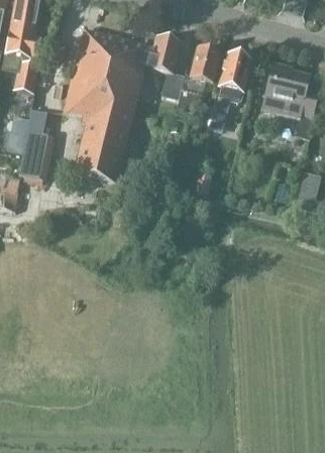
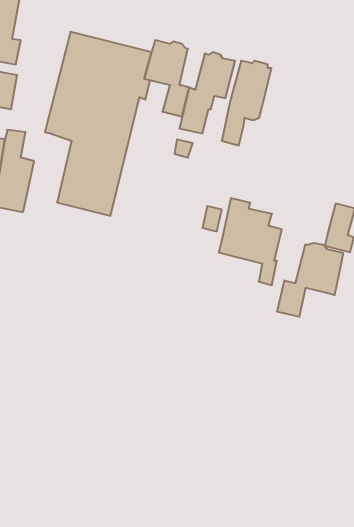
building: [263,64,316,136] -> [219,198,282,285]
building: none -> [277,243,343,317]

